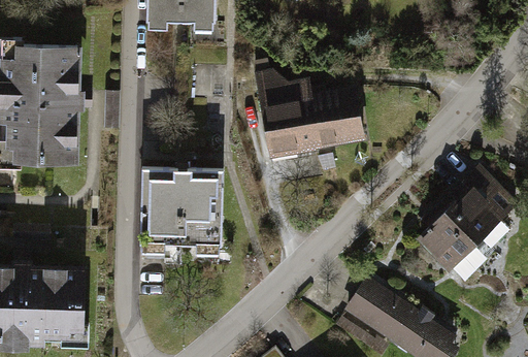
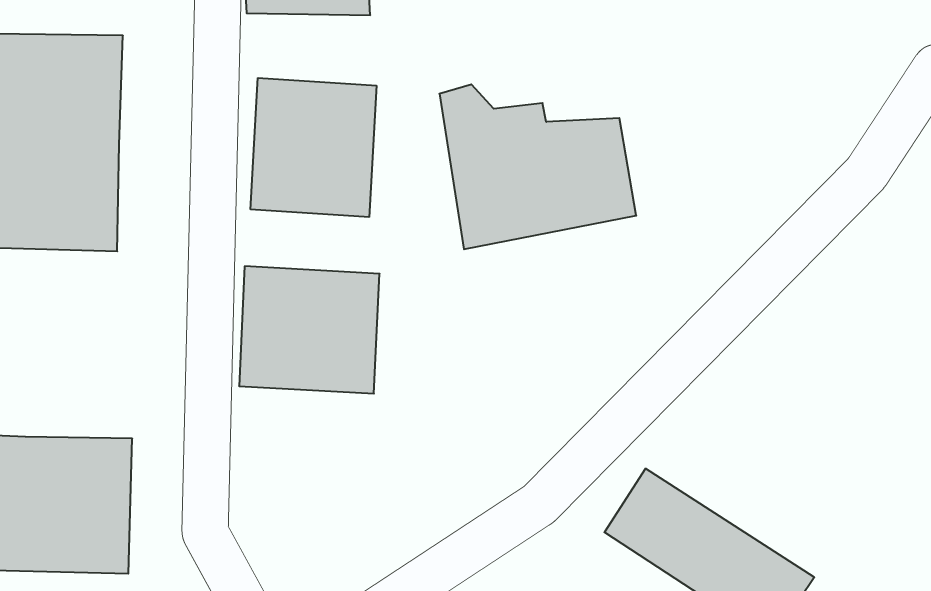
building: none -> [251,78,376,217]
building: [412,171,517,272] -> none

